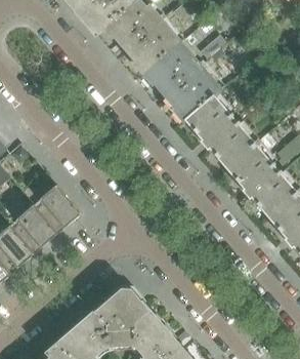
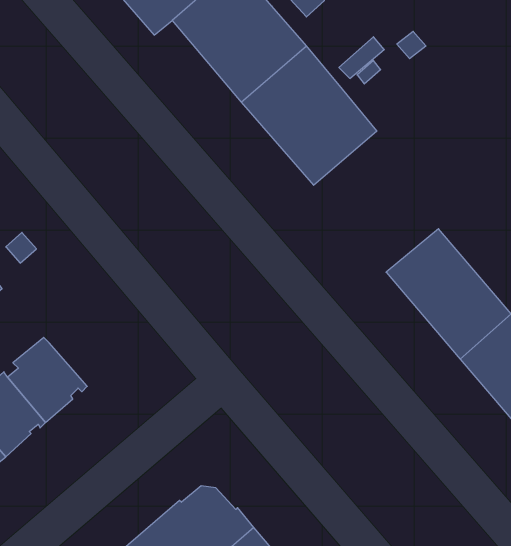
building: [184,88,256,168] -> none
building: [36,185,81,233] -> none

